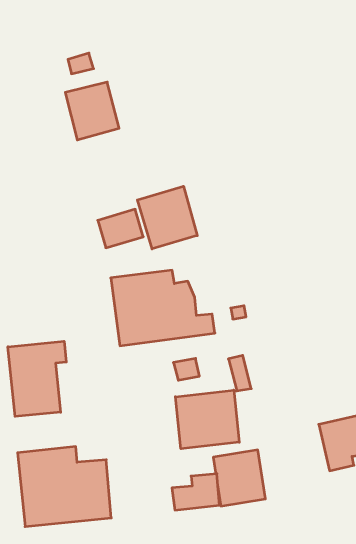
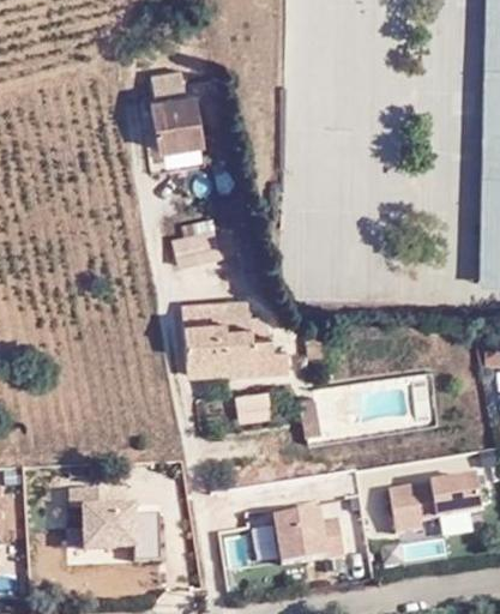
building: [137,186,197,249] -> none
building: [8,341,66,416] -> none
building: [175,390,239,449] -> none

